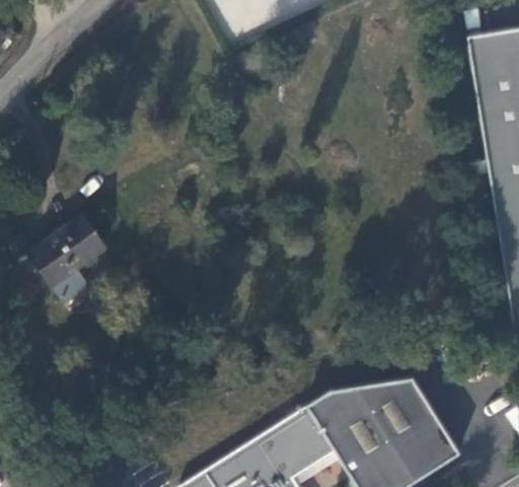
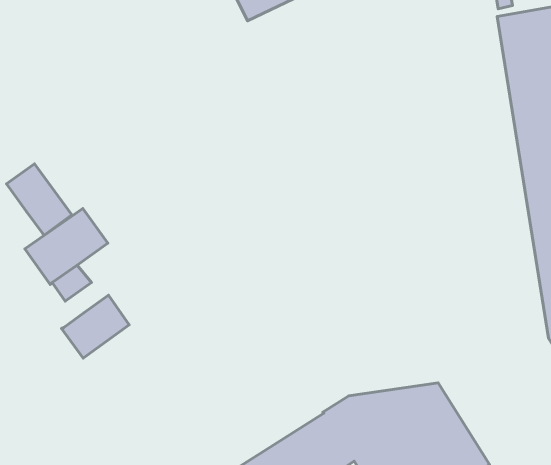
building: none -> [7,164,72,236]
building: none -> [62,295,129,358]

